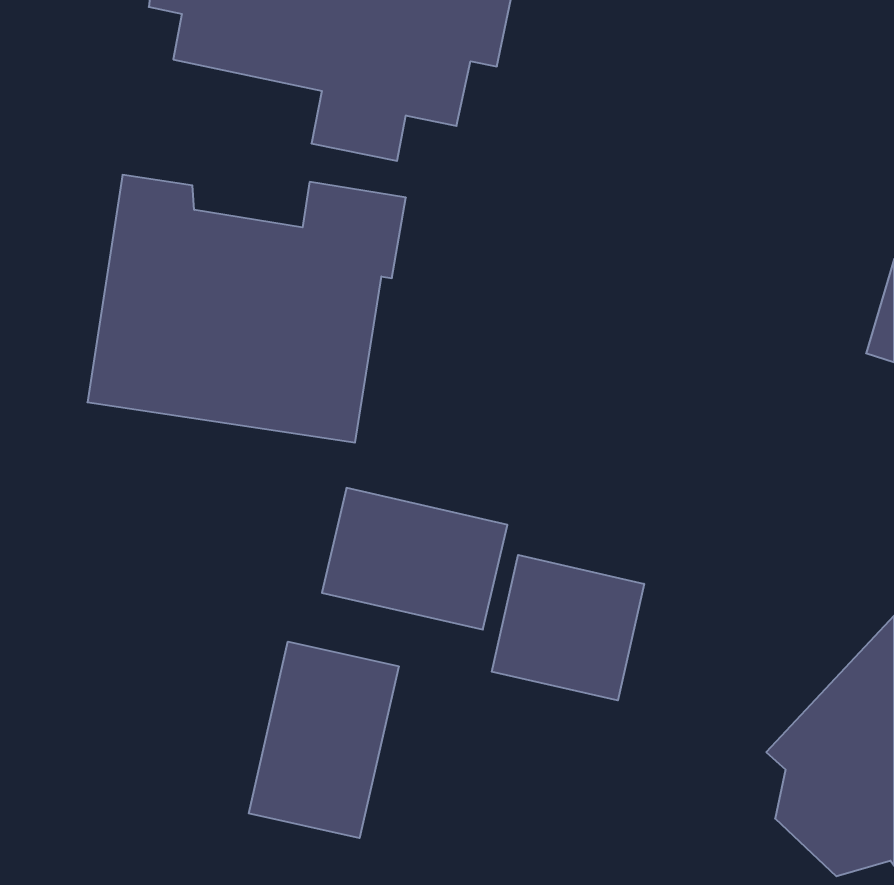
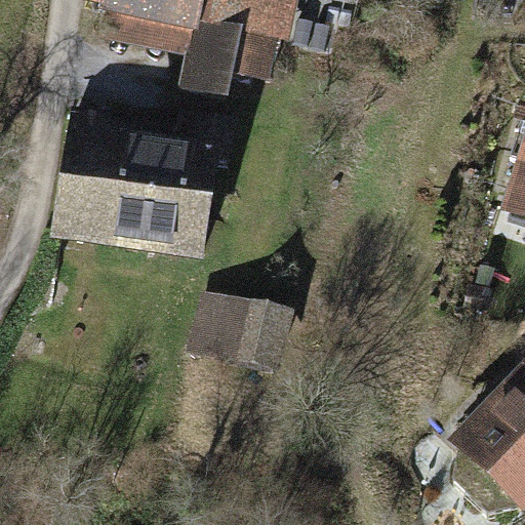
building: [492,555,644,700] -> none
building: [249,642,399,838] -> none

